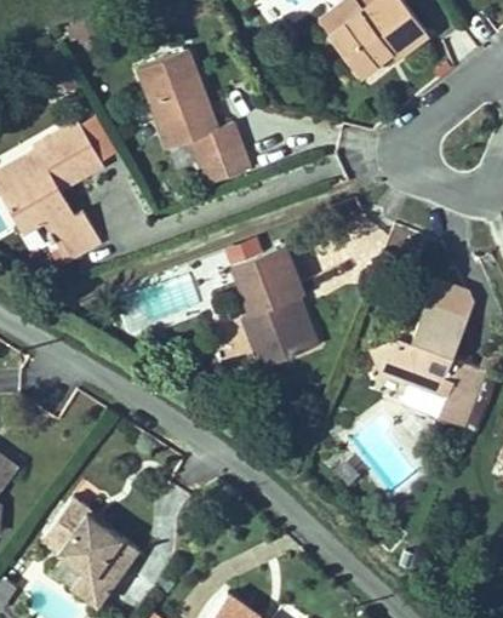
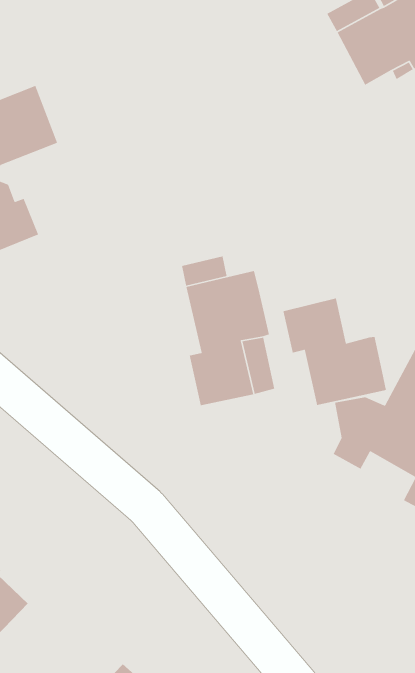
building: [138,52,252,188] -> none
building: none -> [283,298,387,406]

